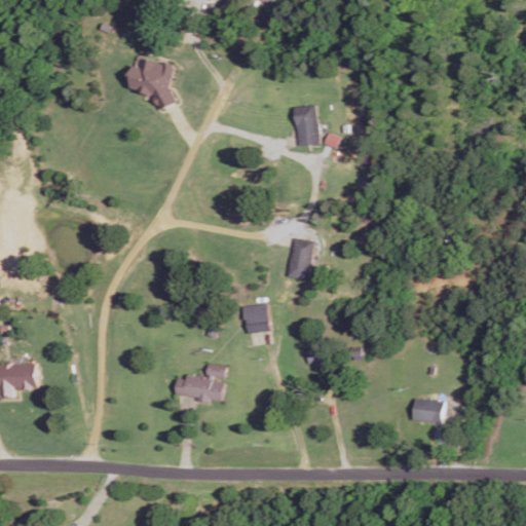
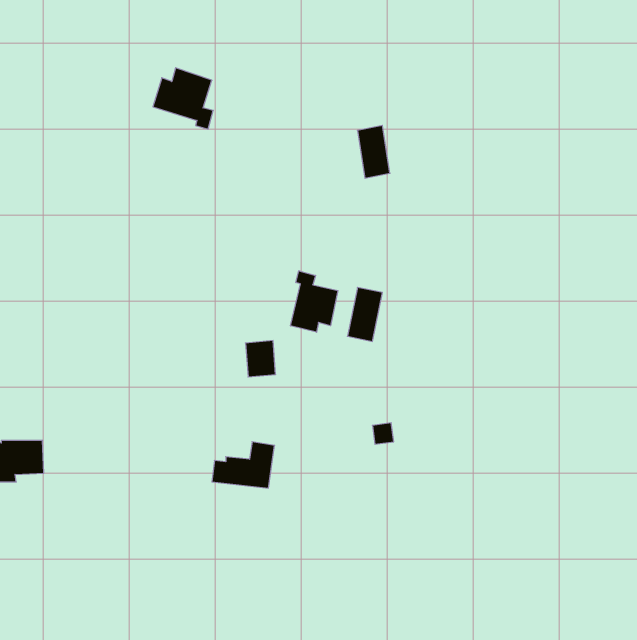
building: none -> [291,271,338,332]
building: [243,303,268,333] -> [245,341,276,377]
building: [412,397,445,423] -> none

